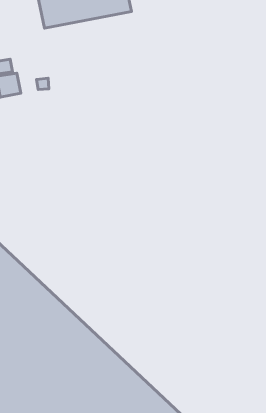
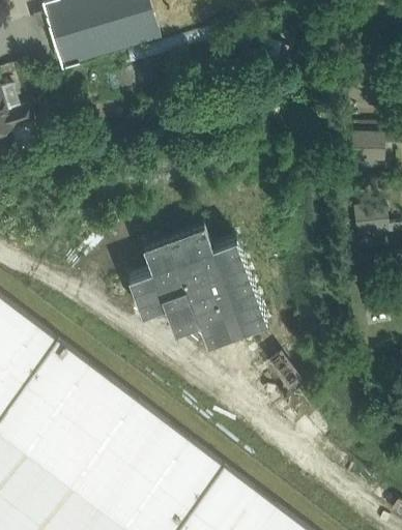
building: none -> [127,223,266,345]

